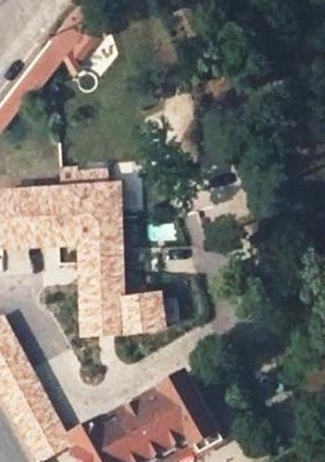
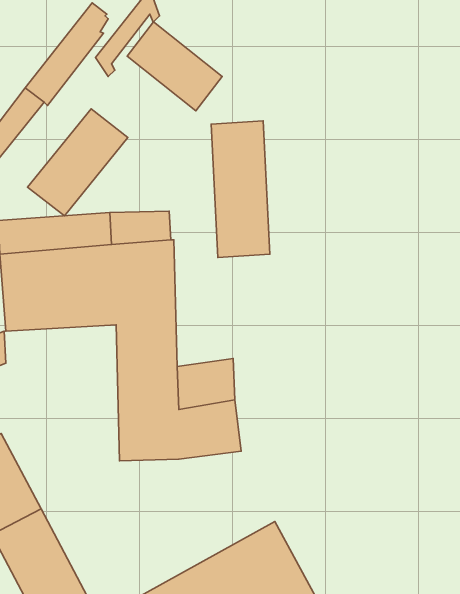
building: none -> [127,22,222,111]
building: none -> [28,109,128,216]
building: none -> [211,121,270,257]

